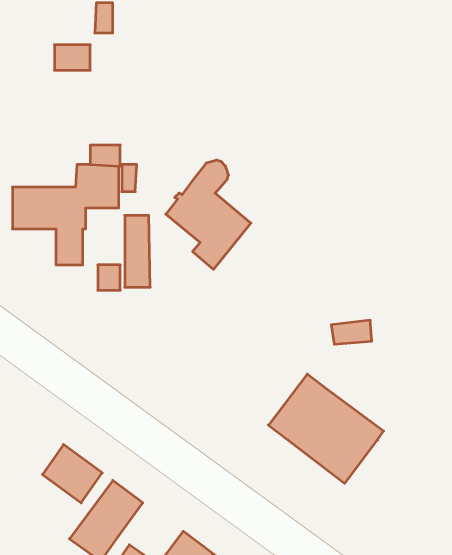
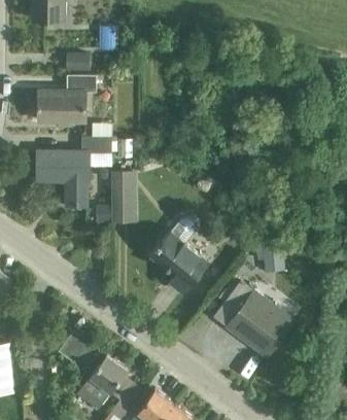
building: none -> [37,75,96,122]
building: [166,160,251,269] -> [149,219,208,294]

